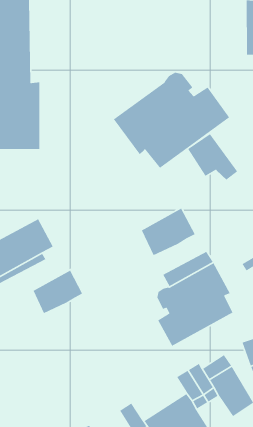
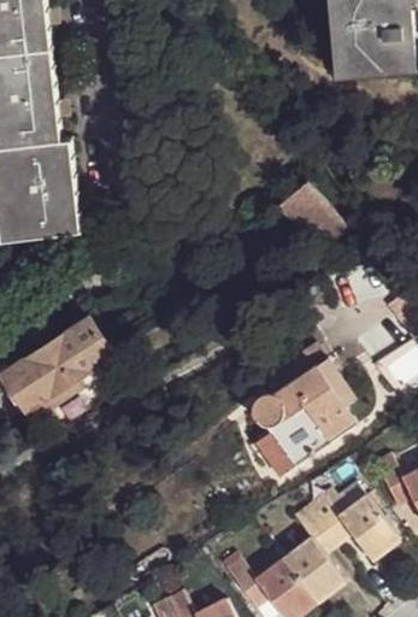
building: [113,72,230,169] -> none
building: [141,208,196,256] -> none
building: [32,270,83,314] -> none

